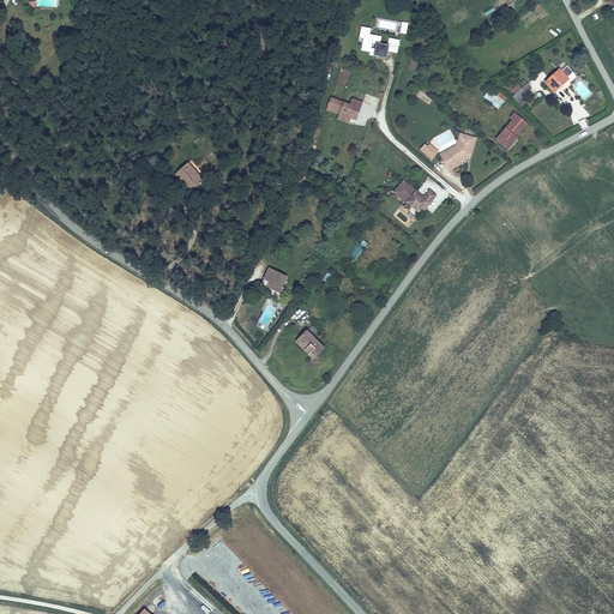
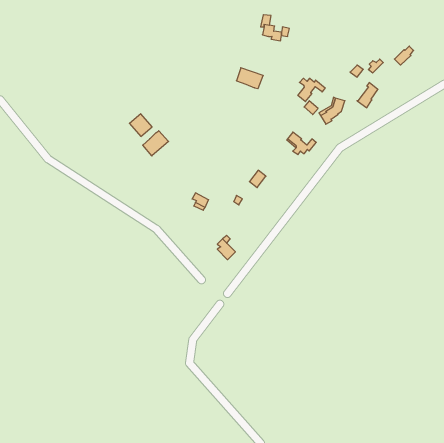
building: none -> [298,78,325,102]
building: none -> [143,131,169,156]

